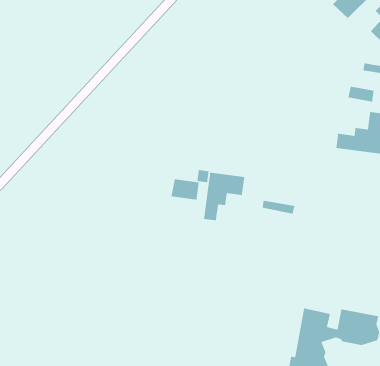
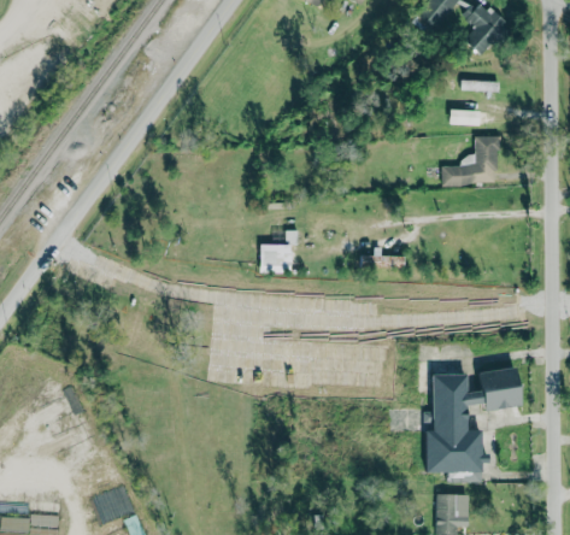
building: [203,172,245,221] -> none

